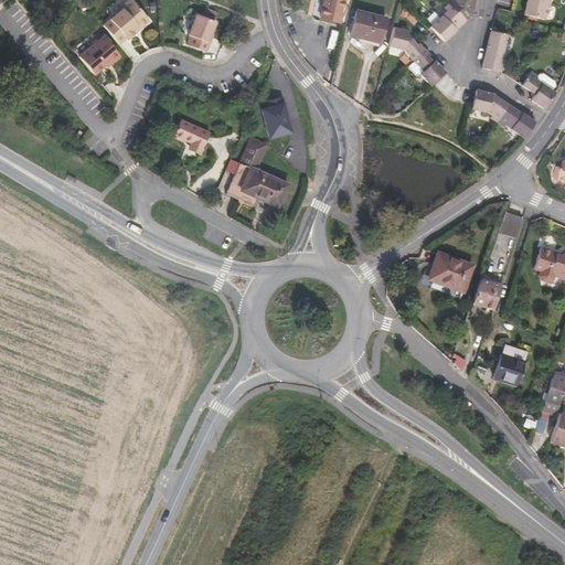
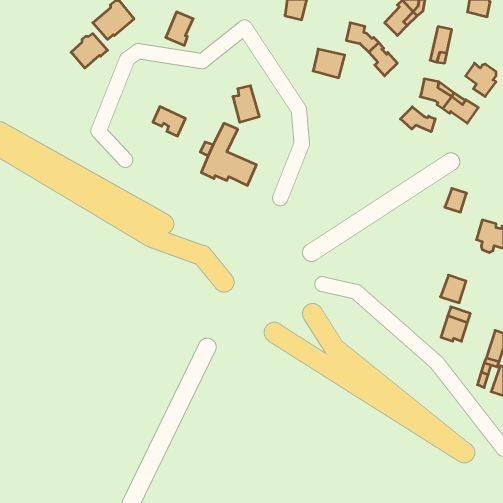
building: [351,10,386,42] -> [313,49,345,78]
building: none -> [400,107,435,132]
building: [429,253,472,289] -> none
building: [472,278,501,309] -> [440,275,466,303]

